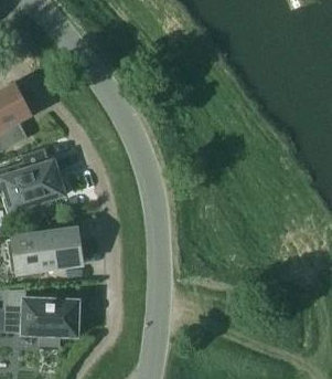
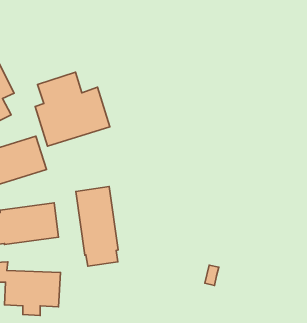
building: none -> [35,72,110,146]
building: none -> [76,186,118,266]

